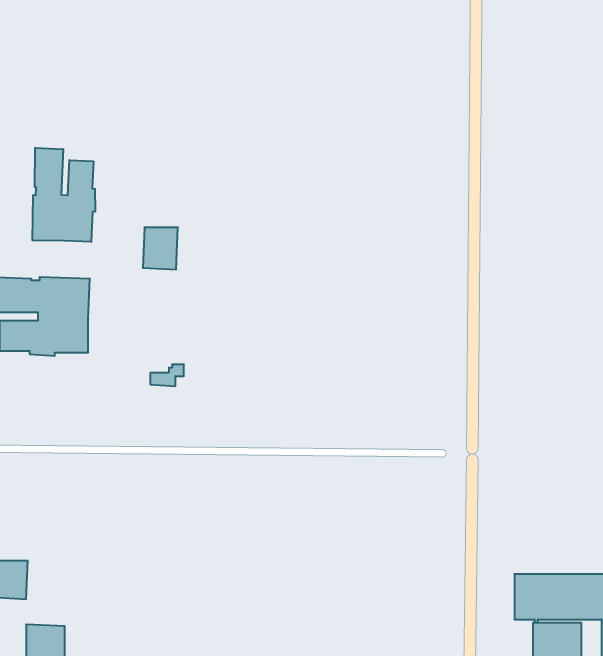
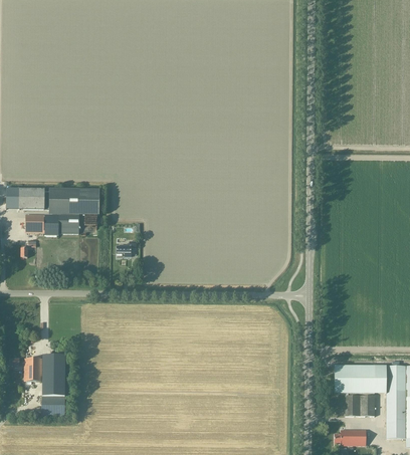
building: [33,148,95,242] -> none
building: [143,227,178,269] -> [78,189,99,214]
building: none -> [41,356,65,397]

